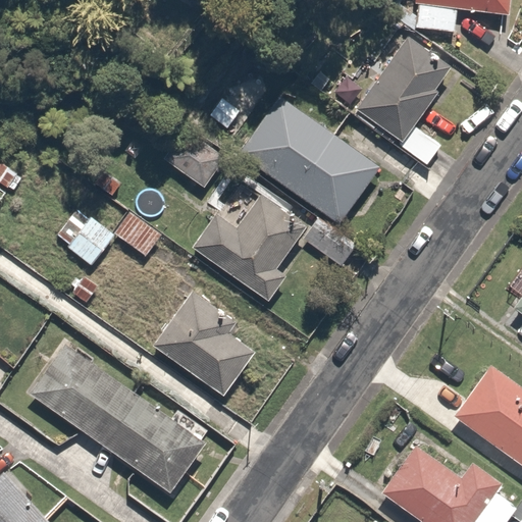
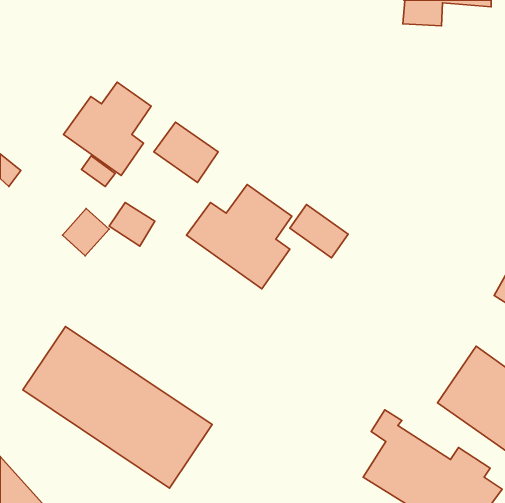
building: [352,33,456,168] -> none
building: none -> [63,82,151,175]
building: [239,94,378,222] -> none
building: [147,286,263,397] -> none

